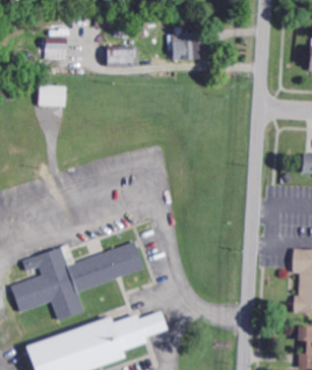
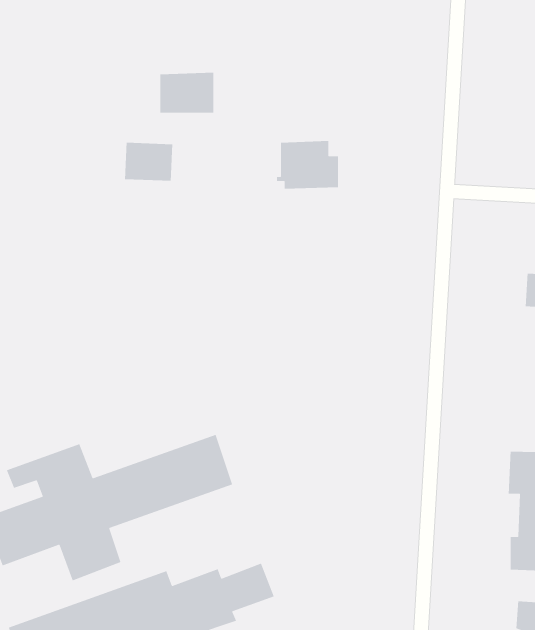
building: [166,34,199,60] -> [276,140,339,190]
building: [44,39,66,61] -> none
building: [38,85,64,107] -> [124,142,173,182]

